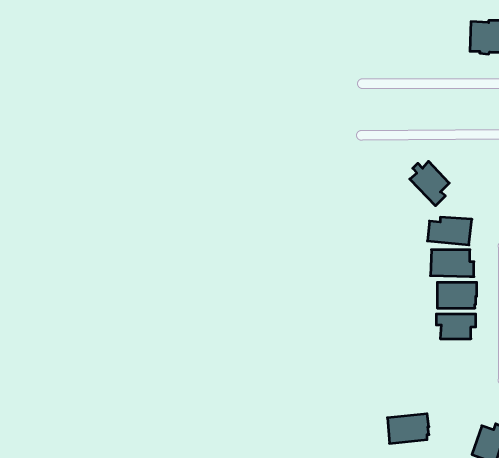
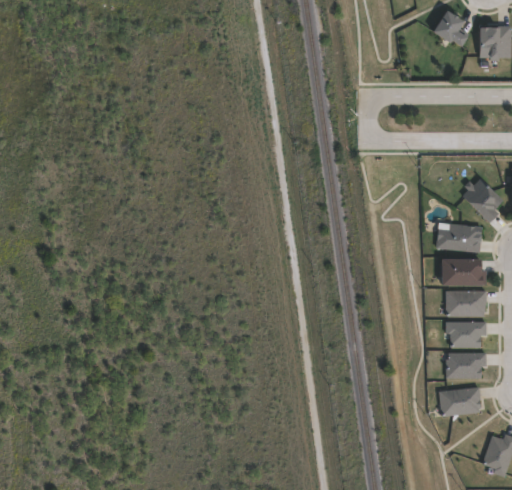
building: none -> [432,9,466,45]
building: [410,161,449,206] -> [462,178,502,223]
building: none -> [446,352,487,379]
building: [387,414,429,443] -> [440,387,482,417]

